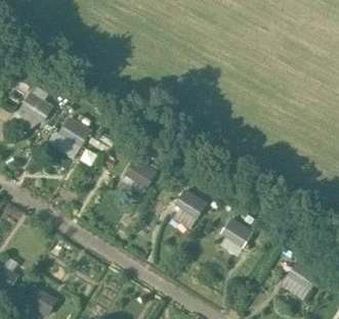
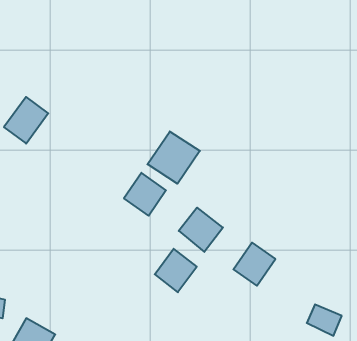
building: [48,115,92,160] -> none
building: none -> [147,131,200,184]
building: none -> [155,249,197,292]

